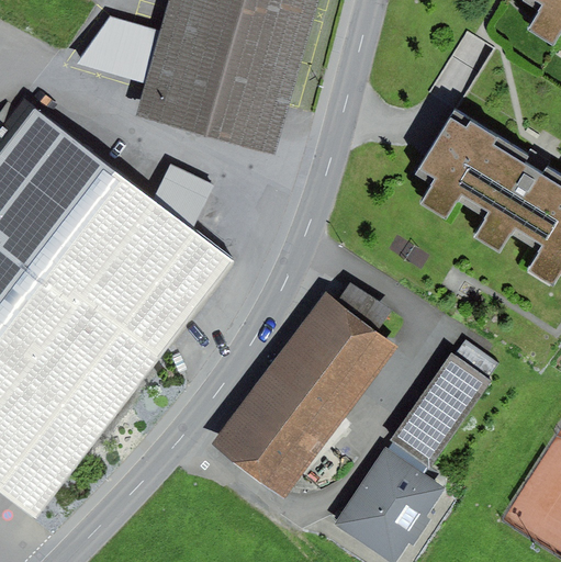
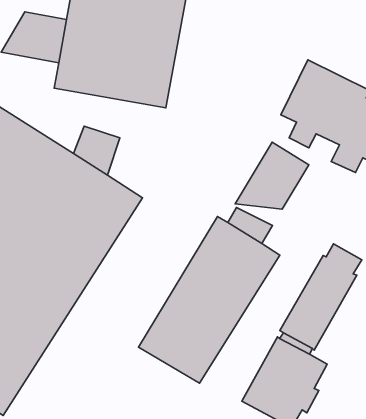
building: none -> [235,142,309,209]

